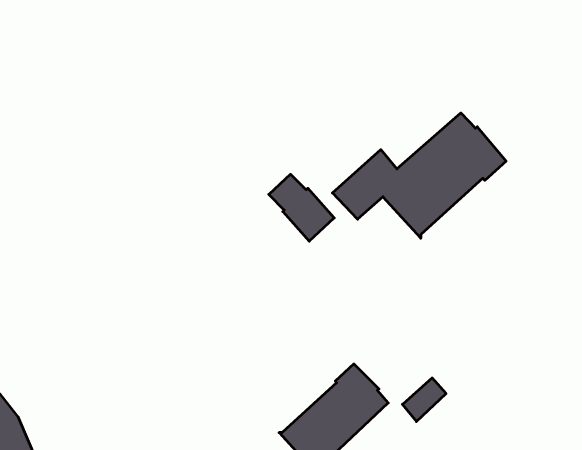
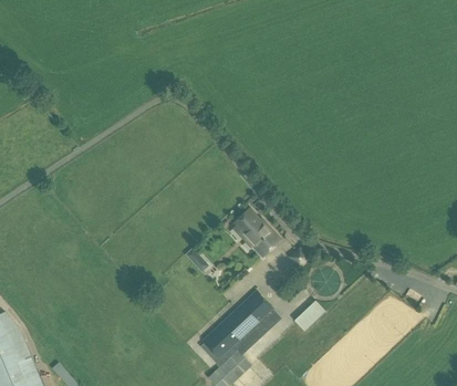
building: [332,113,506,238] -> none
building: [269,174,334,241] -> [233,209,280,257]

